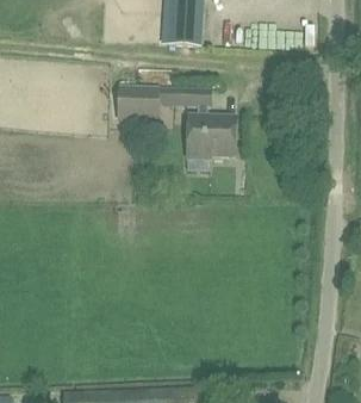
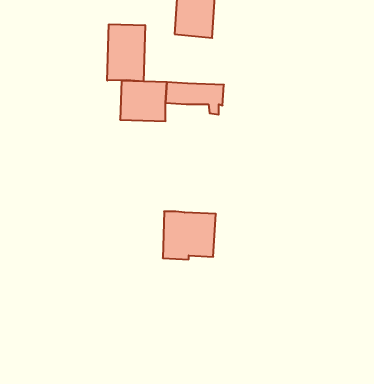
building: none -> [107,24,145,81]
building: [187,113,236,157] -> [163,211,216,259]

